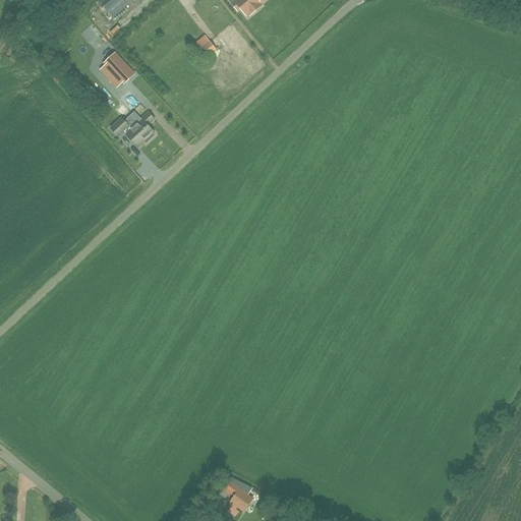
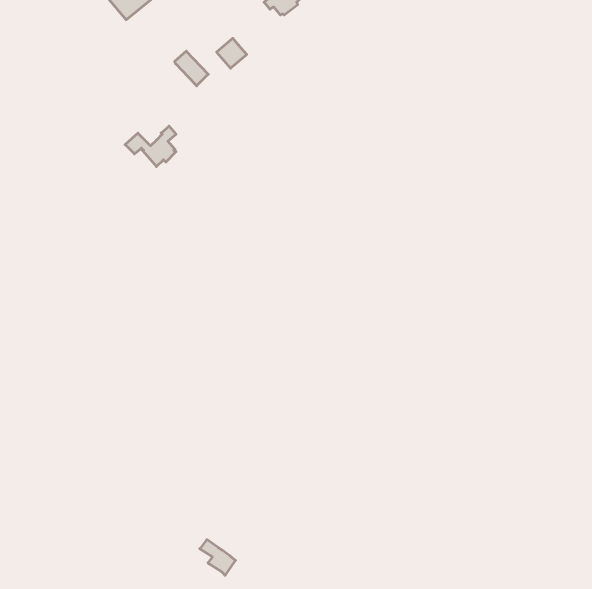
building: [105,52,134,82] -> [175,51,208,86]
building: [221,478,252,510] -> [200,540,236,575]

